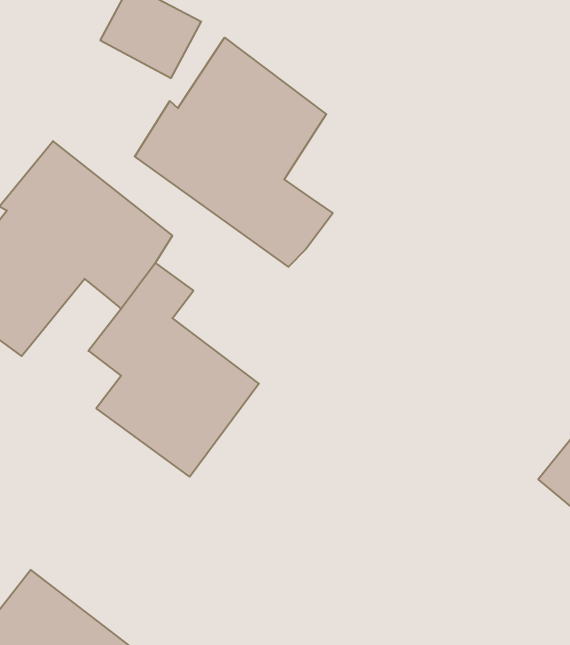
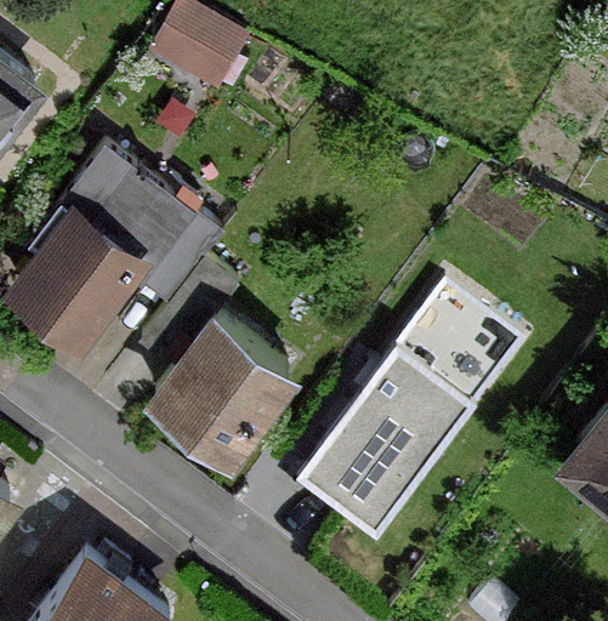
building: [135,38,333,267] -> none
building: none -> [296,291,521,542]

